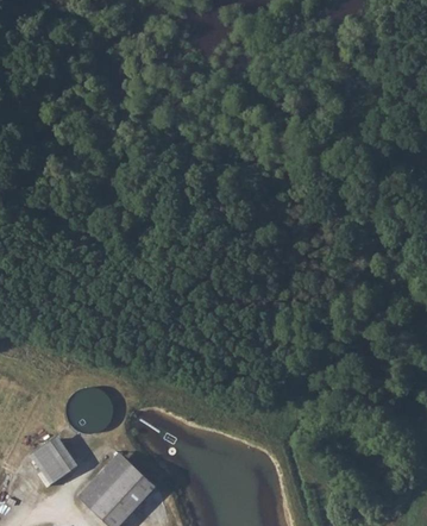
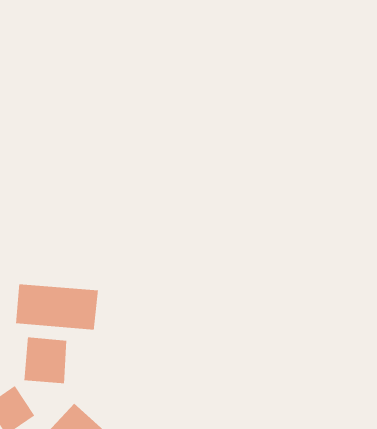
building: none -> [16,284,98,331]

